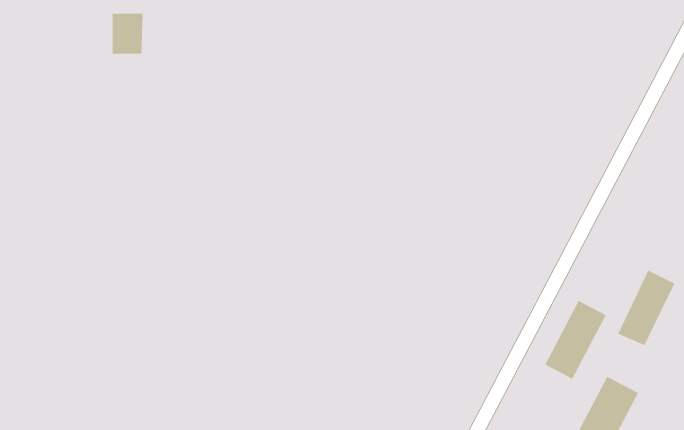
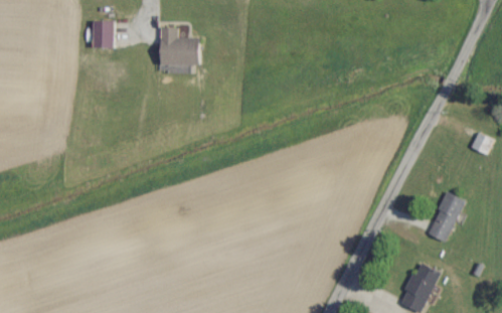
building: none -> [160,26,201,64]
building: [545,300,606,380] -> none

